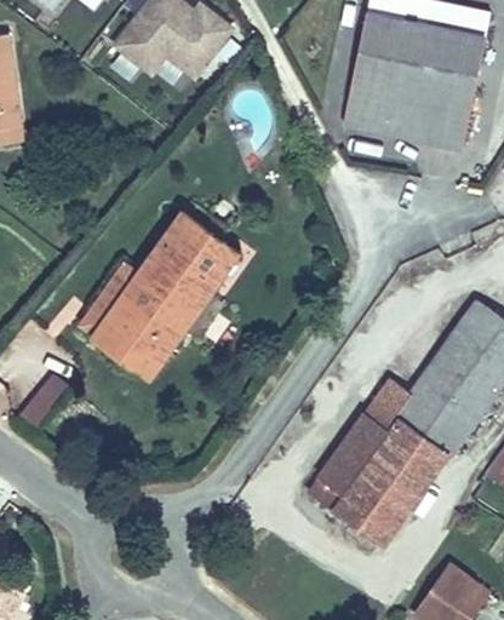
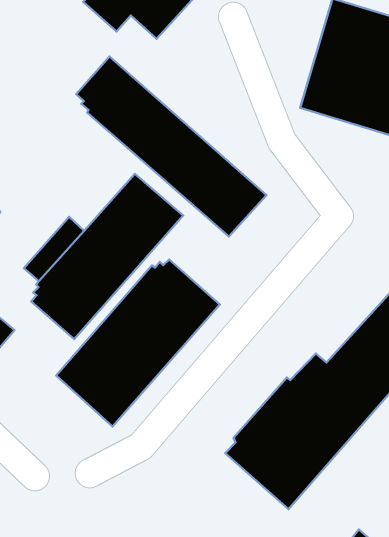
building: none -> [76,57,267,237]
building: none -> [56,259,220,426]

